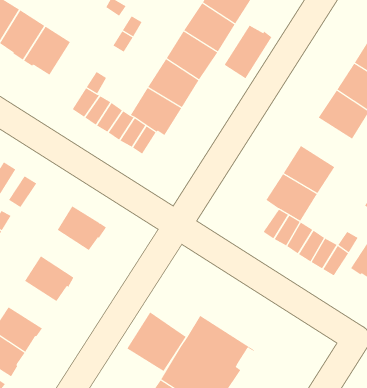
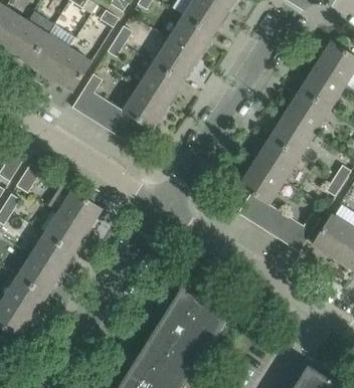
building: [224,25,272,79] -> none
building: none -> [52,48,91,91]
building: none -> [270,114,315,157]
building: none -> [44,211,86,252]
building: none -> [16,255,58,297]
building: [126,311,187,372] -> none

